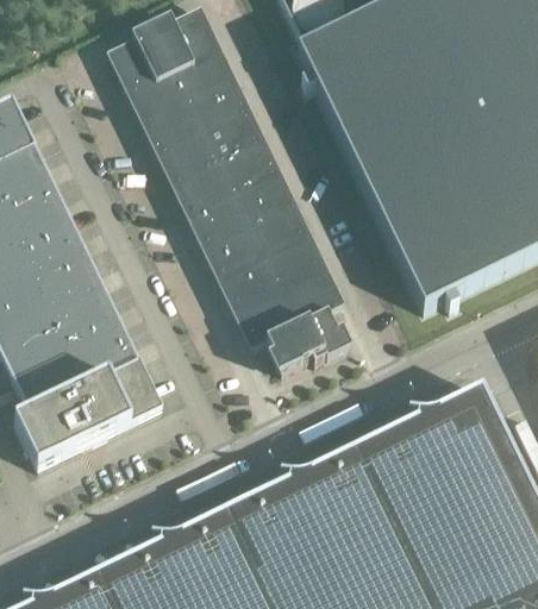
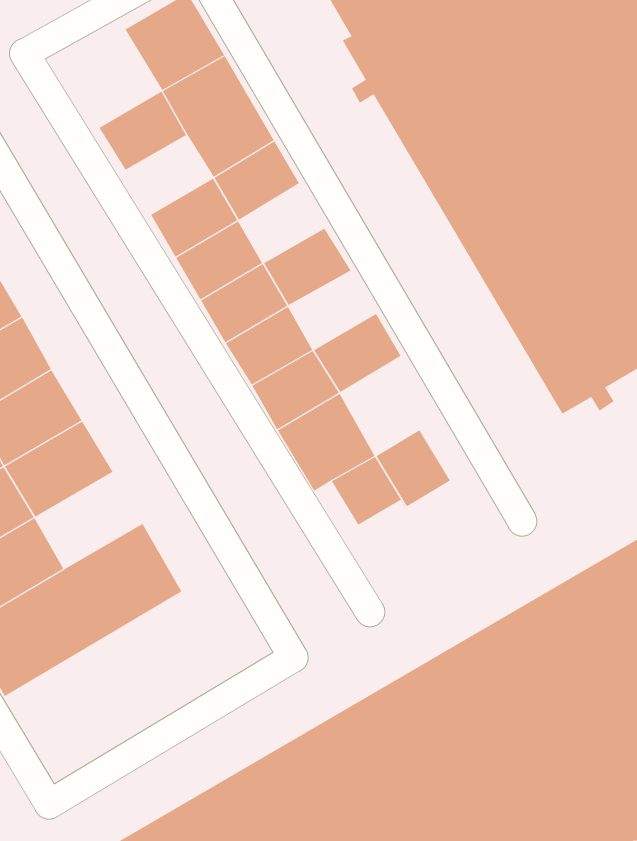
building: [110,26,174,90] -> none
building: [145,100,204,151] -> none
building: [218,138,275,189] -> none
building: [246,199,305,250] -> none
building: [276,258,340,324] -> none
building: [67,320,138,382] -> none

